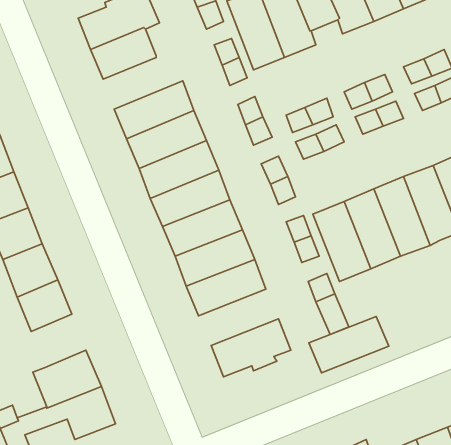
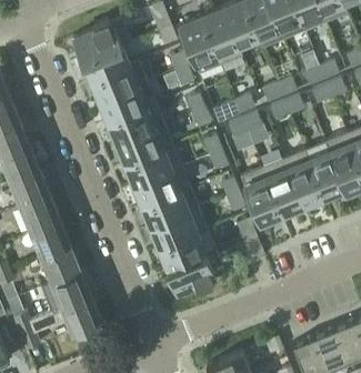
building: none -> [91,61,148,102]
building: none -> [40,248,79,285]
building: [309,316,389,373] -> [159,230,215,270]

